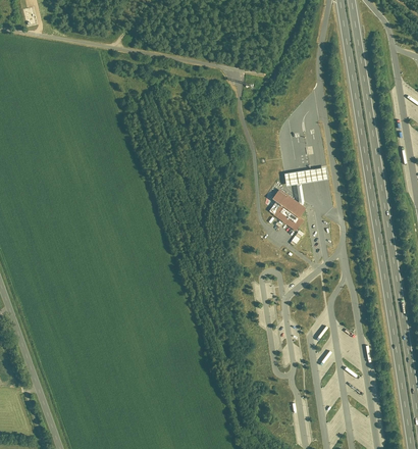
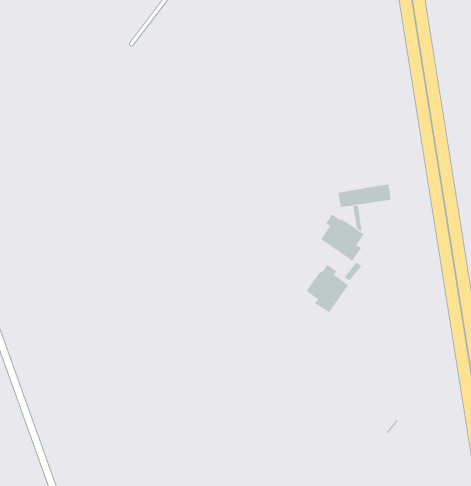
building: none -> [306,264,349,313]

